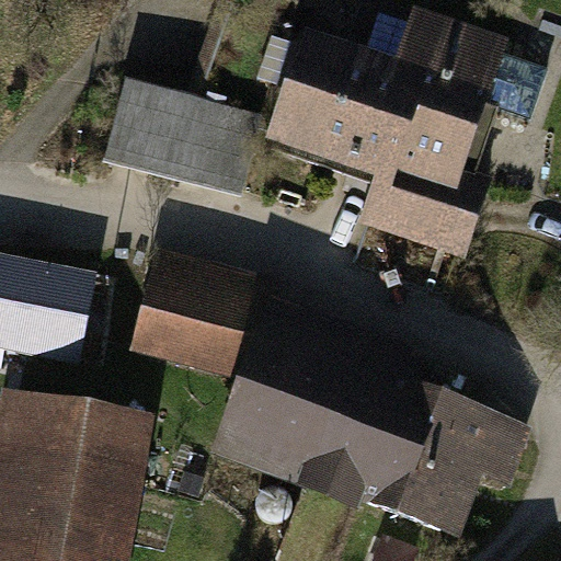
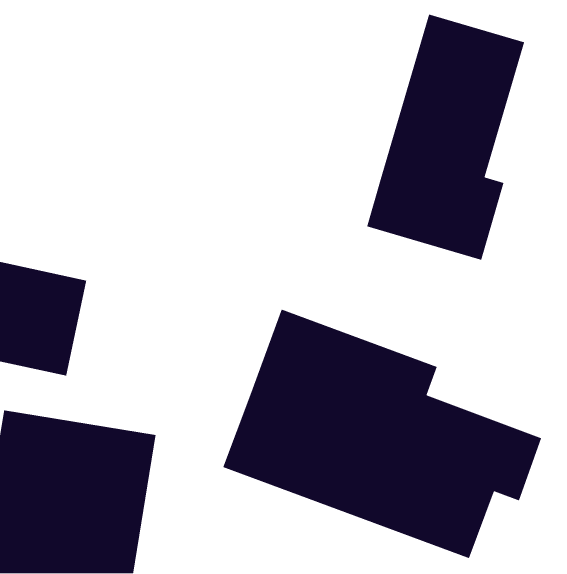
building: [272,36,399,173] -> none
building: [103,80,256,193] -> none
building: [131,248,279,381] -> none

